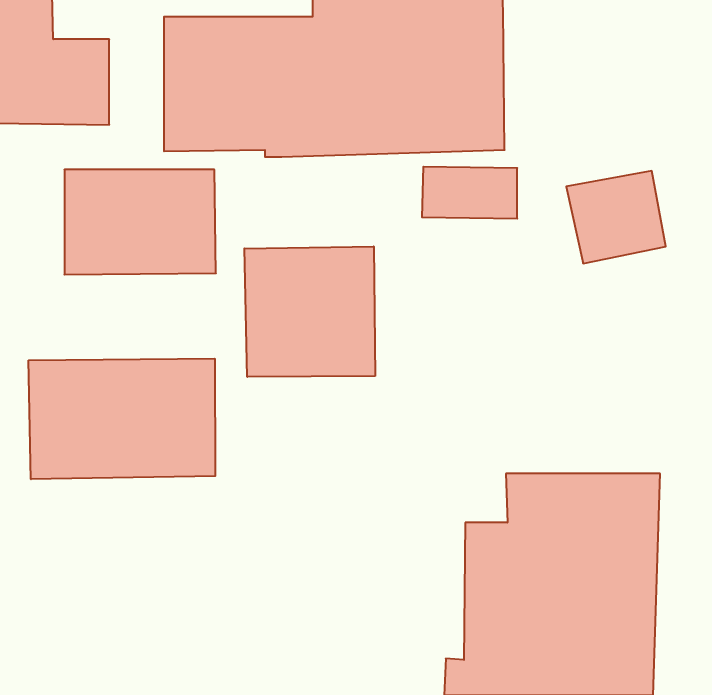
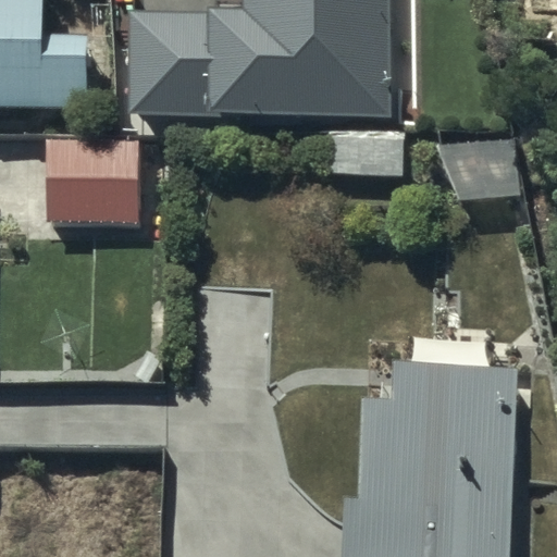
building: [244,246,375,377] -> none
building: [29,359,215,479] -> none

